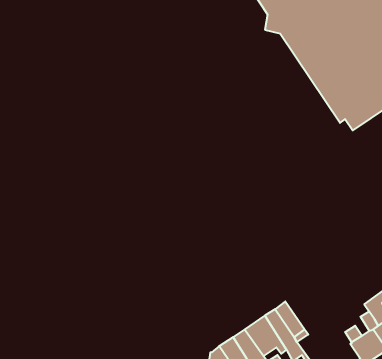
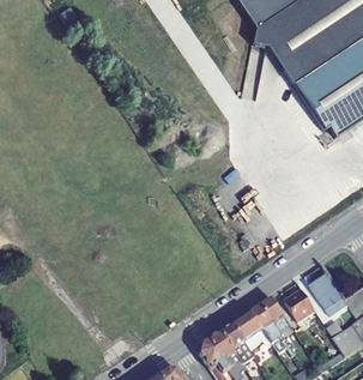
building: none -> [310,272,343,306]
building: none -> [284,286,315,320]

